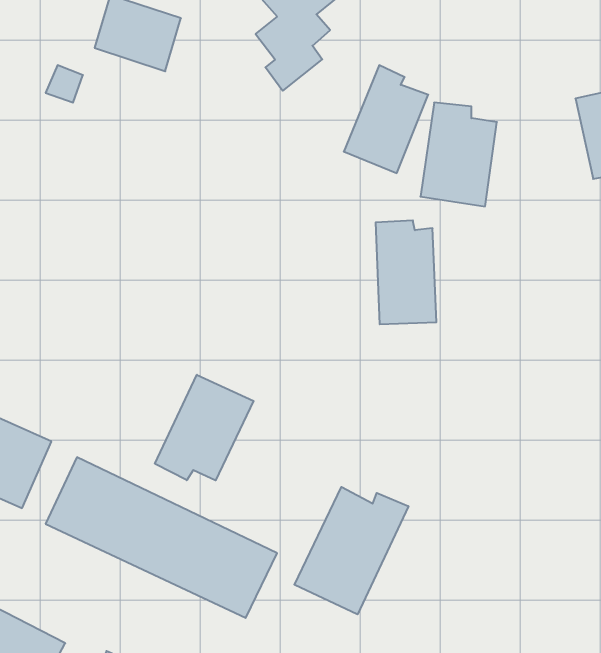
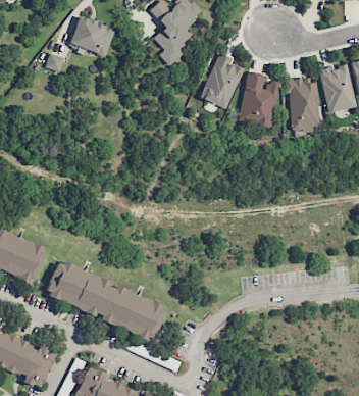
building: [376,220,436,324] -> [289,78,320,132]
building: [155,375,254,480] -> none
building: [294,487,408,614] -> none

